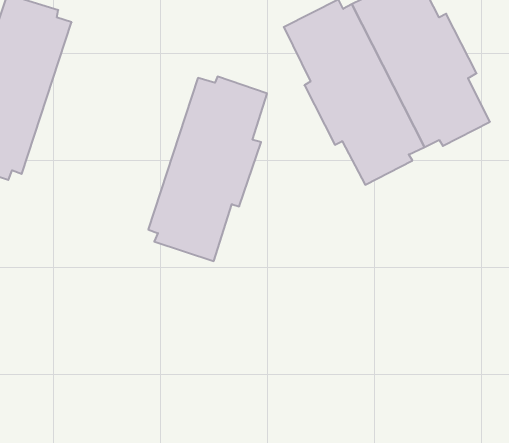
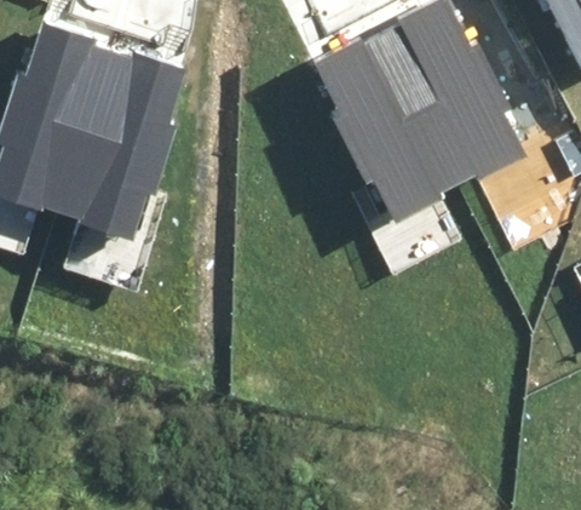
building: [148,77,267,261] -> [57,55,176,239]

